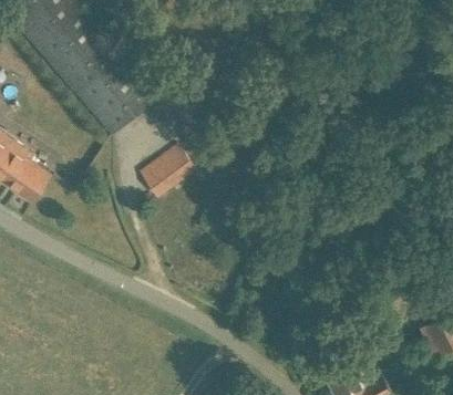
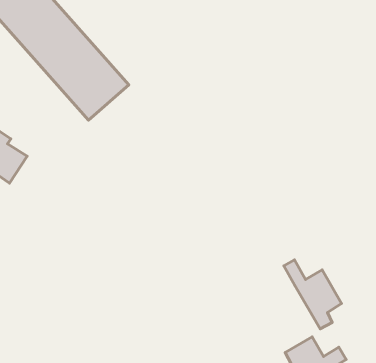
building: [142,149,192,196] -> none
building: none -> [284,260,342,329]

